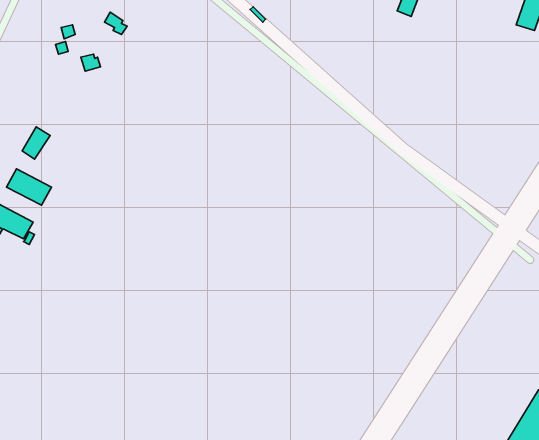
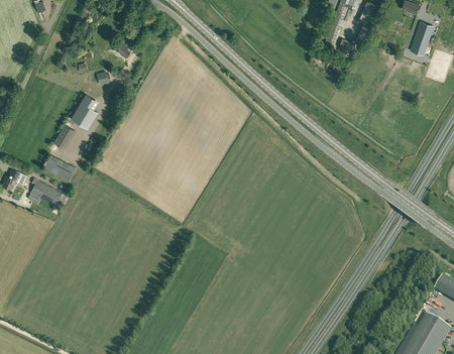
building: none -> [72,94,98,128]

